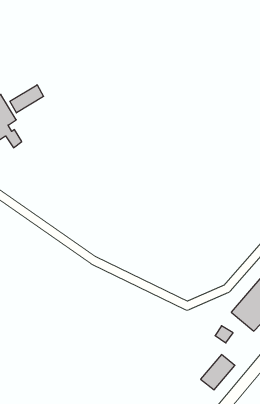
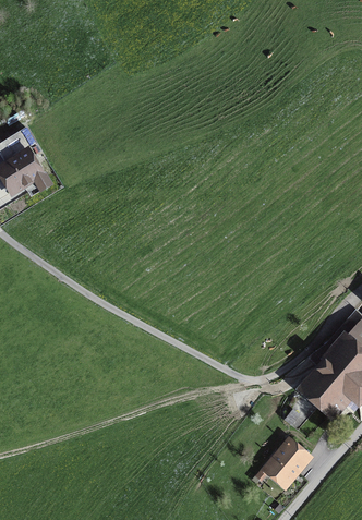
building: [10,85,44,113] -> none

